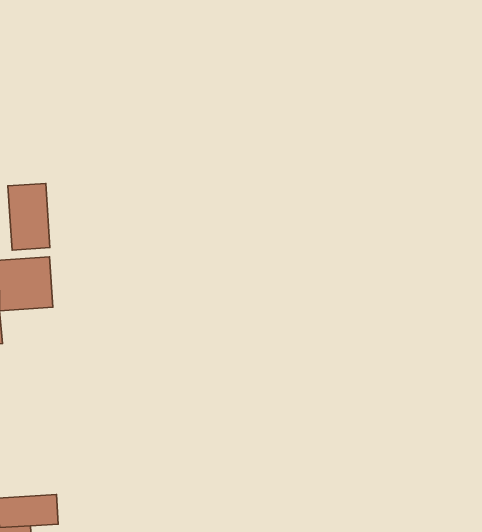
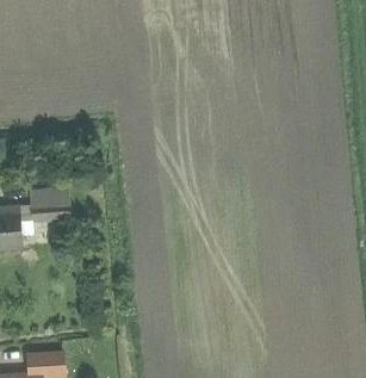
building: [8,183,50,250] -> none

